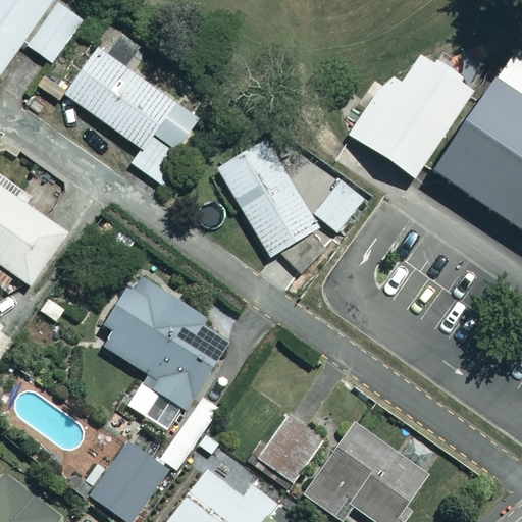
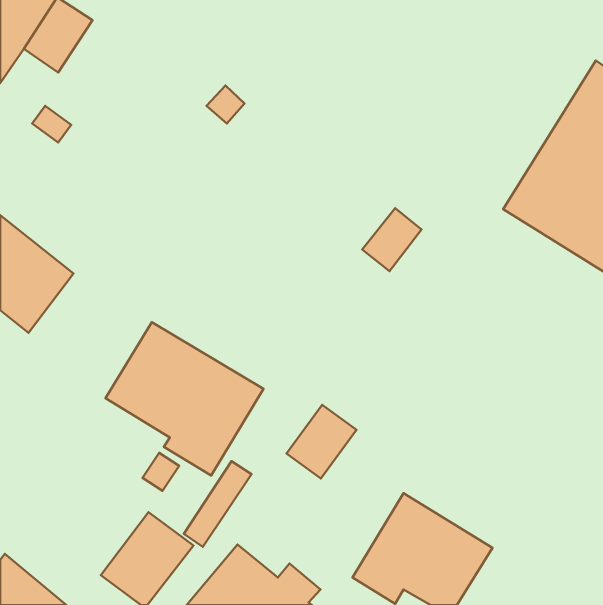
building: [64,47,203,182] -> none
building: [359,56,478,186] -> none
building: [216,140,318,255] -> none
building: [261,416,321,479] -> [286,405,356,478]

